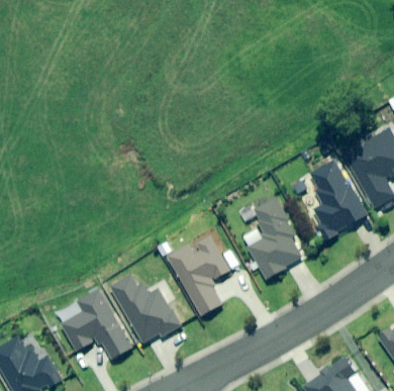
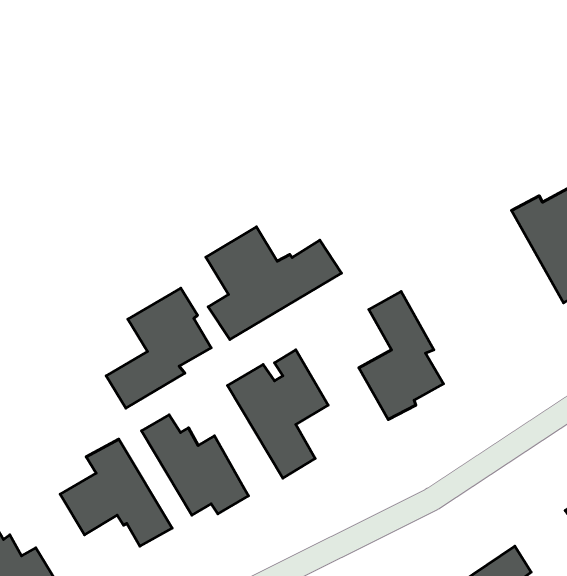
building: none -> [206,227,341,340]
building: [311,160,366,240] -> none
building: none -> [106,288,211,408]

